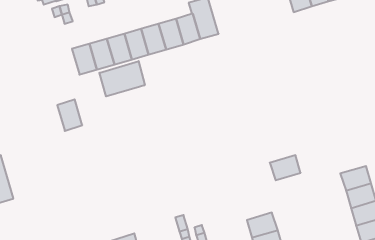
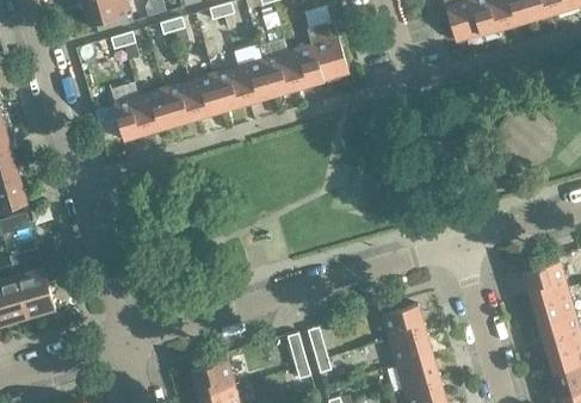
building: [99,61,145,96] -> none
building: [57,99,82,131] -> [113,94,149,140]
building: [270,155,301,180] -> [381,304,425,340]

